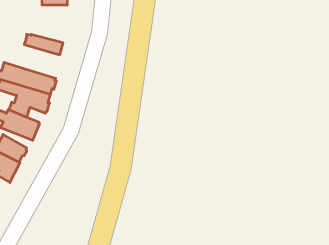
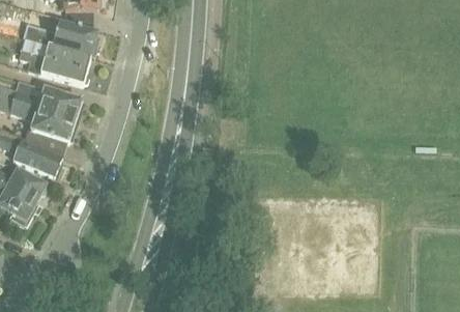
building: none -> [24,23,97,57]
building: none -> [19,50,87,85]

